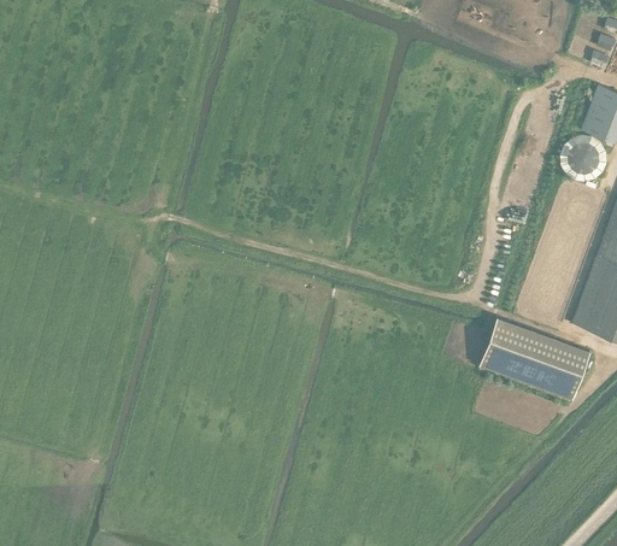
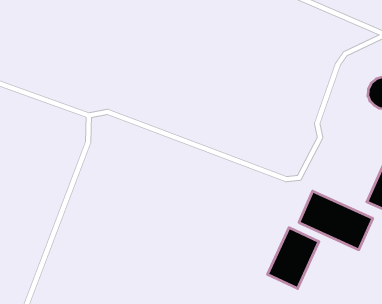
building: none -> [268,228,319,289]

